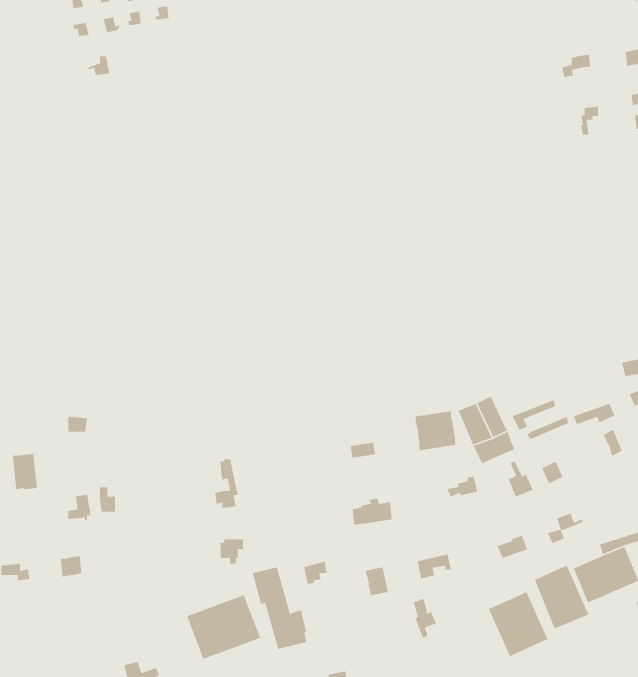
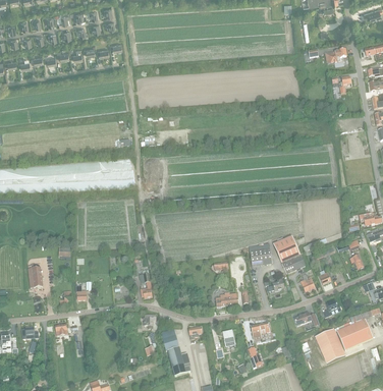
building: [488,591,548,657] -> none
building: [186,594,261,660] -> none

